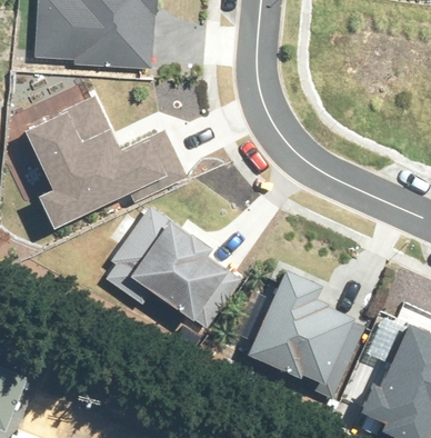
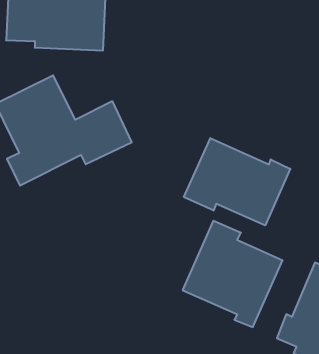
building: none -> [184,138,290,225]
building: [97,207,242,344] -> none

